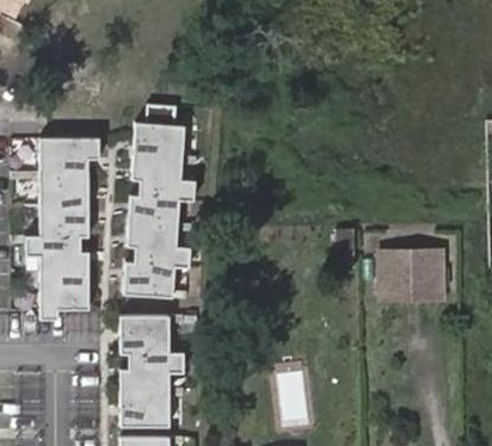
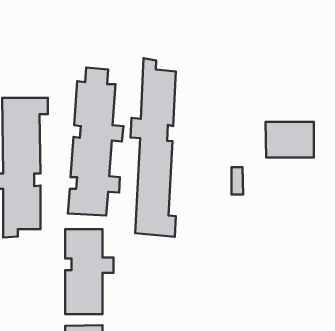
building: none -> [131,58,176,237]
building: [376,254,439,301] -> [265,122,314,157]

